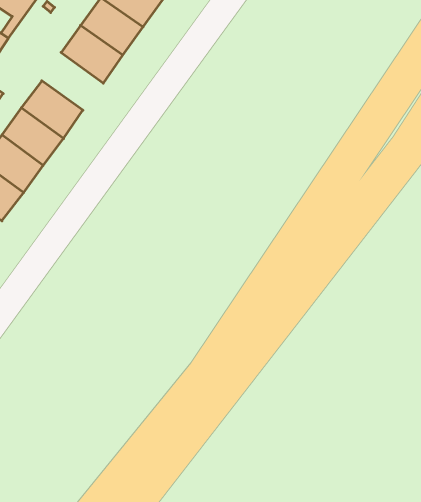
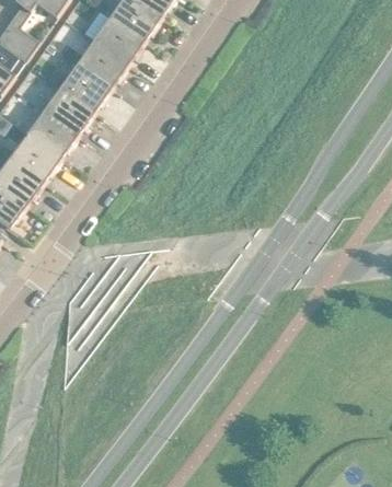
building: none -> [43,85,95,135]

